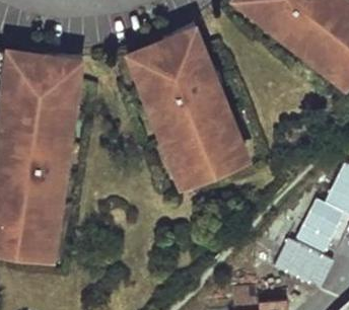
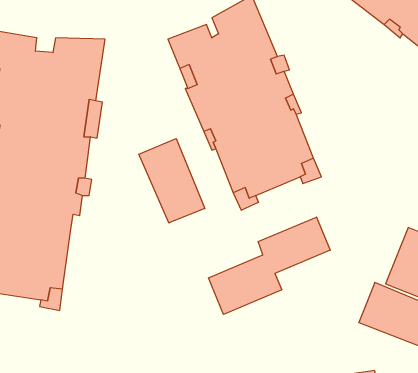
building: none -> [139,139,205,223]
building: none -> [209,217,330,314]

